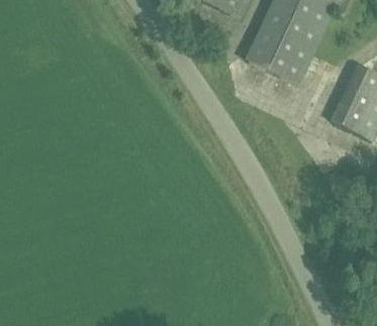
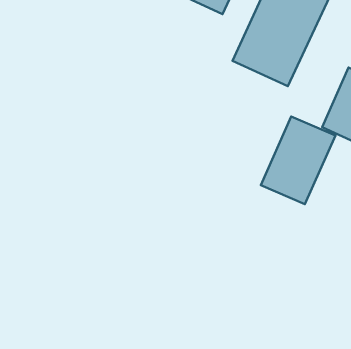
building: none -> [261,117,335,204]

